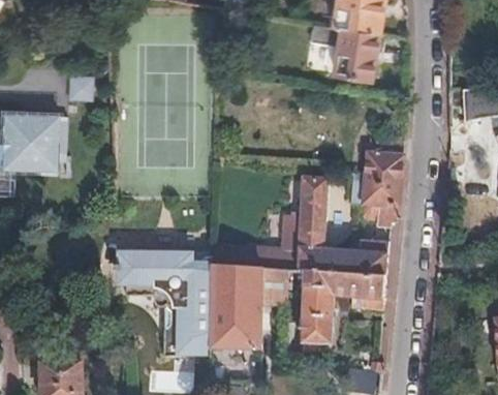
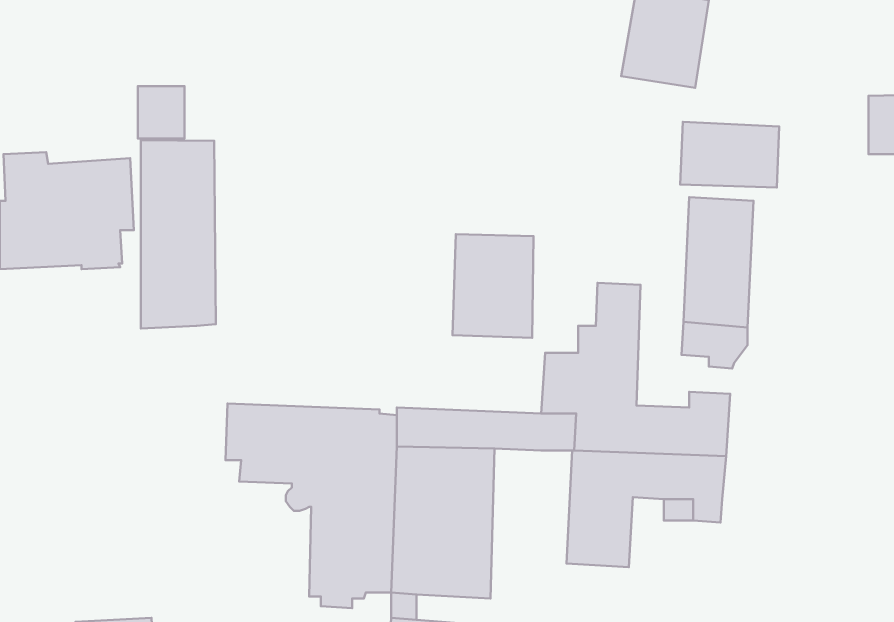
building: none -> [680,122,779,188]
building: none -> [141,140,216,328]
building: none -> [452,234,534,338]

